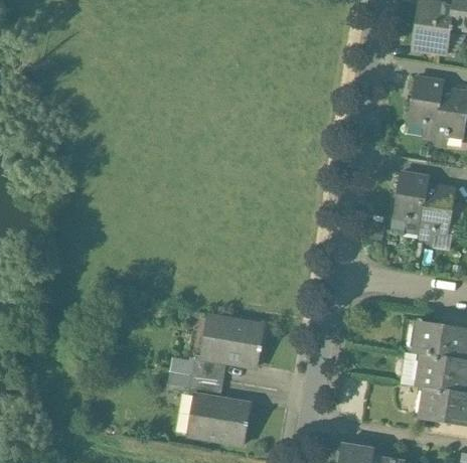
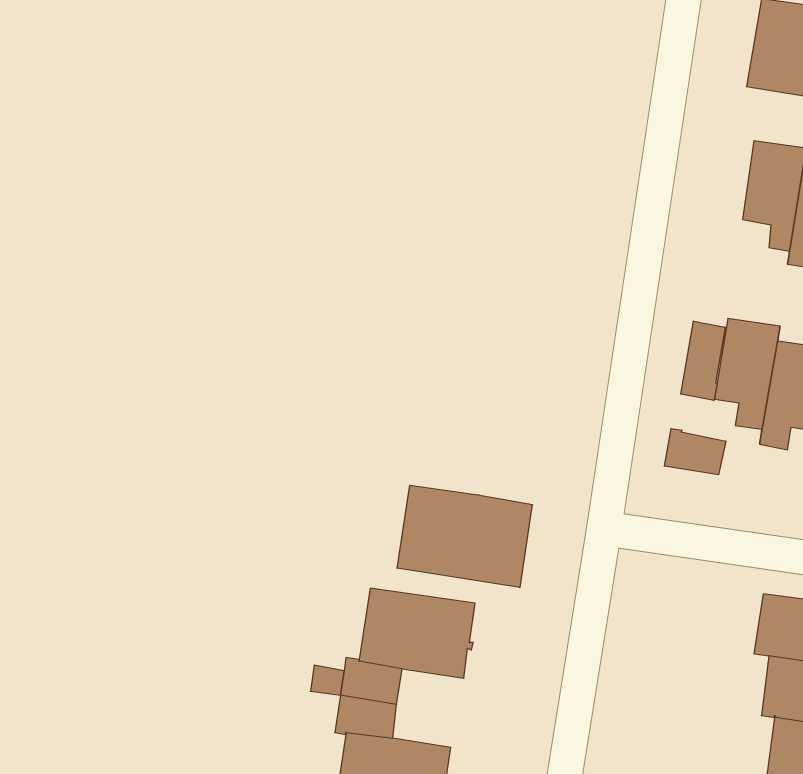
building: none -> [681,321,725,401]
building: none -> [664,428,726,475]
building: none -> [397,485,532,588]

